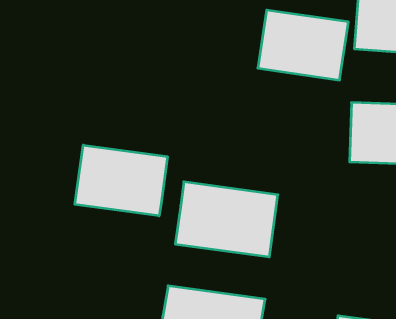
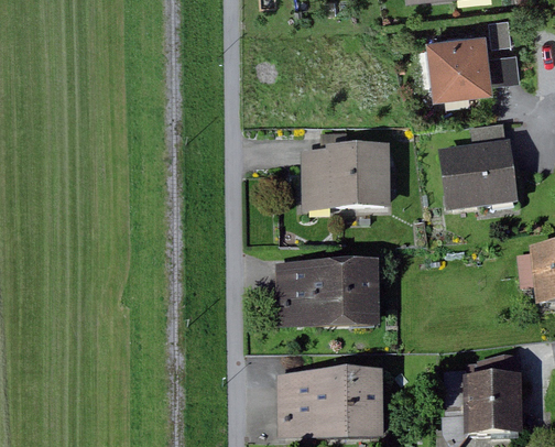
building: [258,10,348,80] -> [301,145,390,210]
building: [75,145,167,216] -> none

